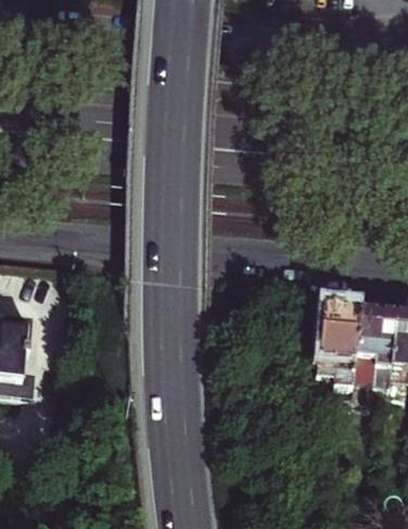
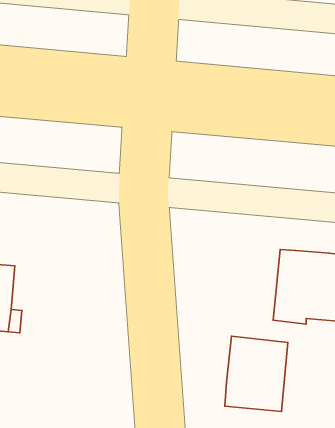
building: none -> [225,336,288,412]

